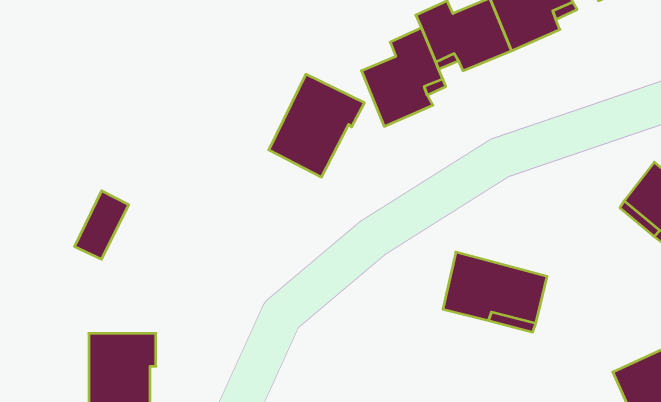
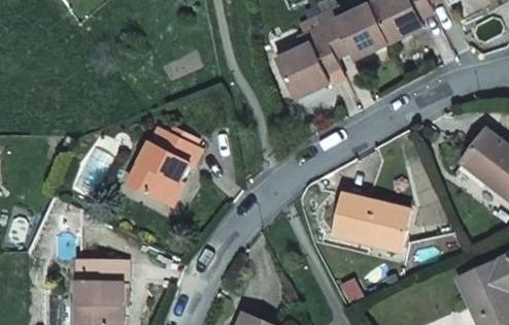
building: [269,74,364,177] -> [123,130,192,204]

